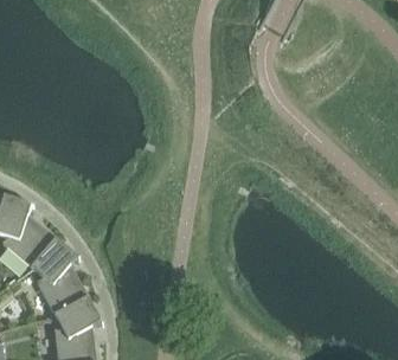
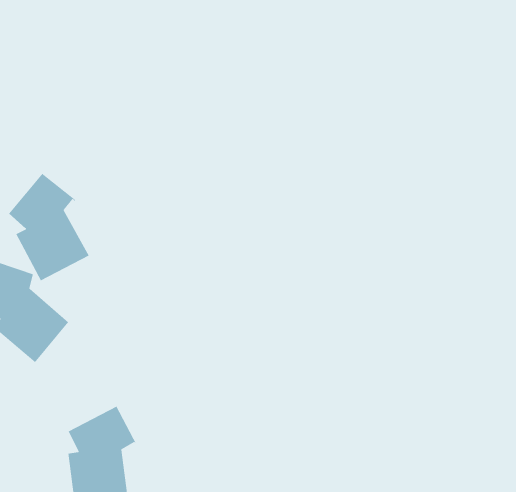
building: [31,238,88,314] -> [8,173,90,281]

